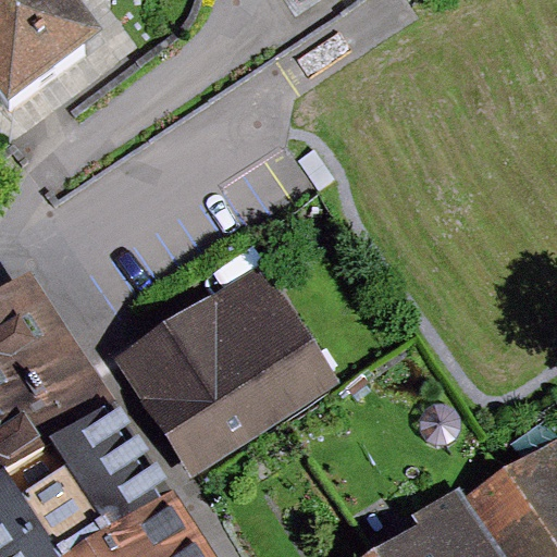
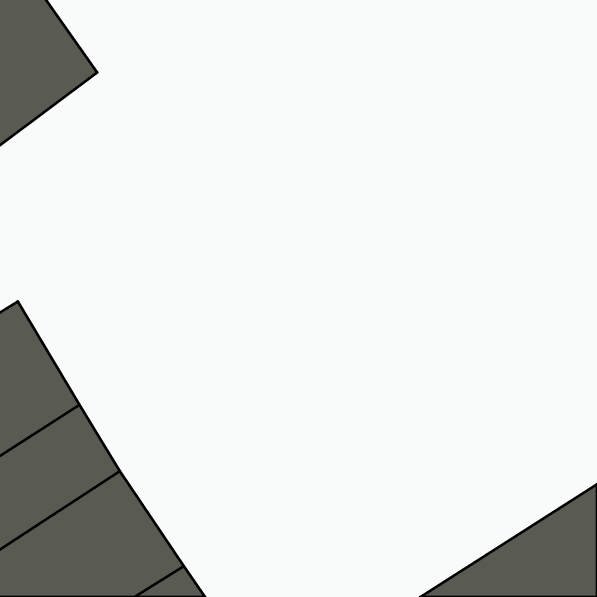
building: [117,271,335,475] -> none

